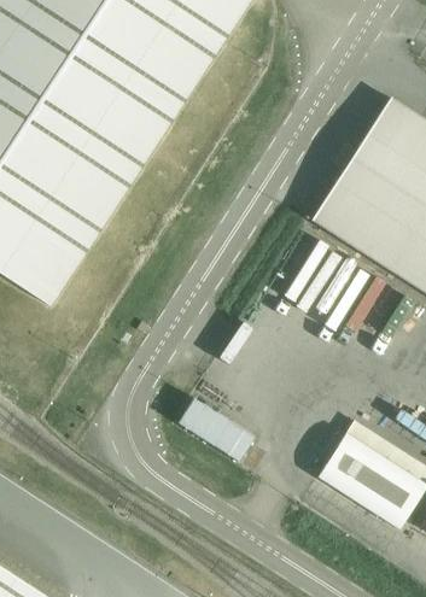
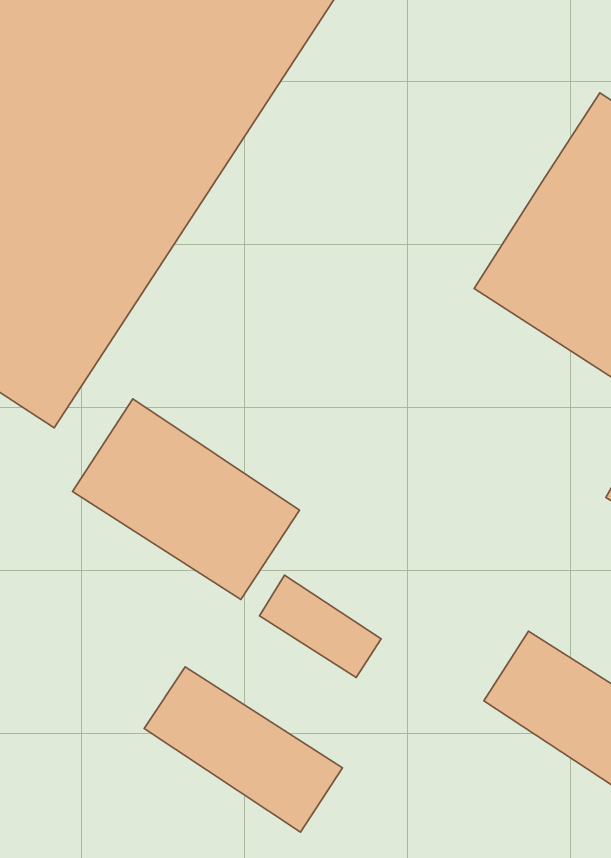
building: none -> [73,399,300,599]
building: none -> [144,667,342,832]

